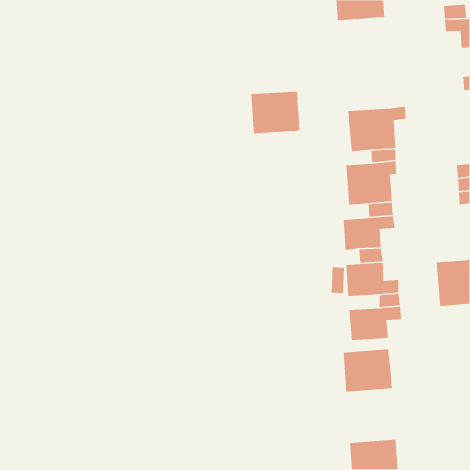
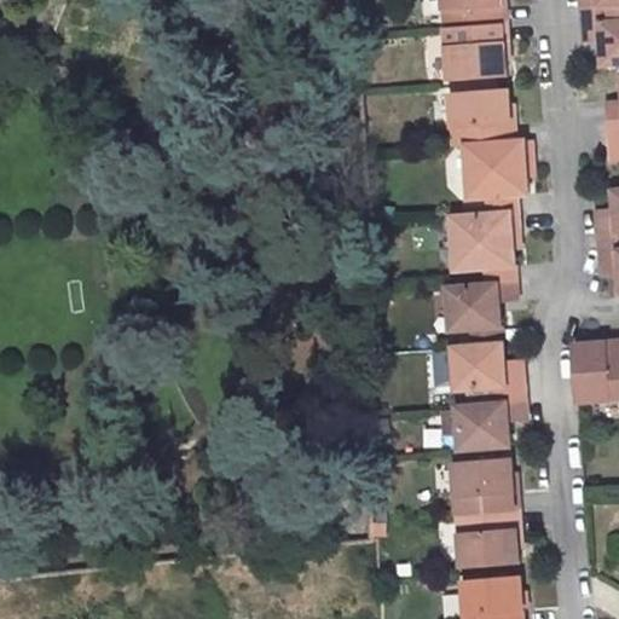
building: none -> [442,23,509,81]
building: [251,91,300,135] -> [447,88,513,146]
building: none -> [453,510,519,567]

